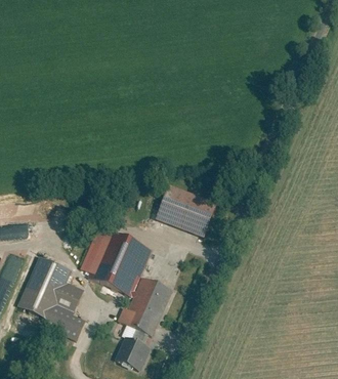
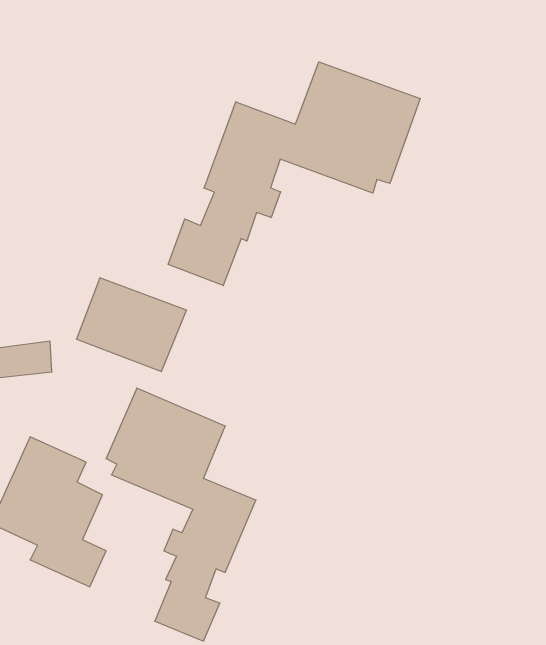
building: none -> [168,62,420,286]
building: [156,183,218,237] -> [76,278,187,372]

